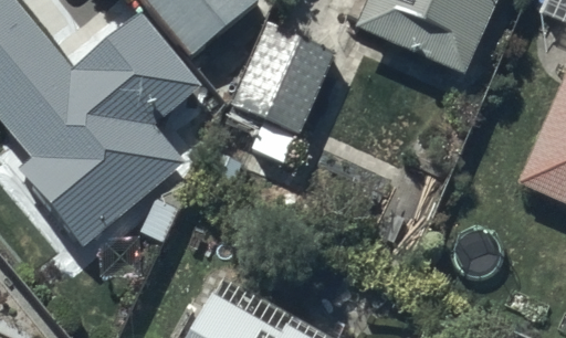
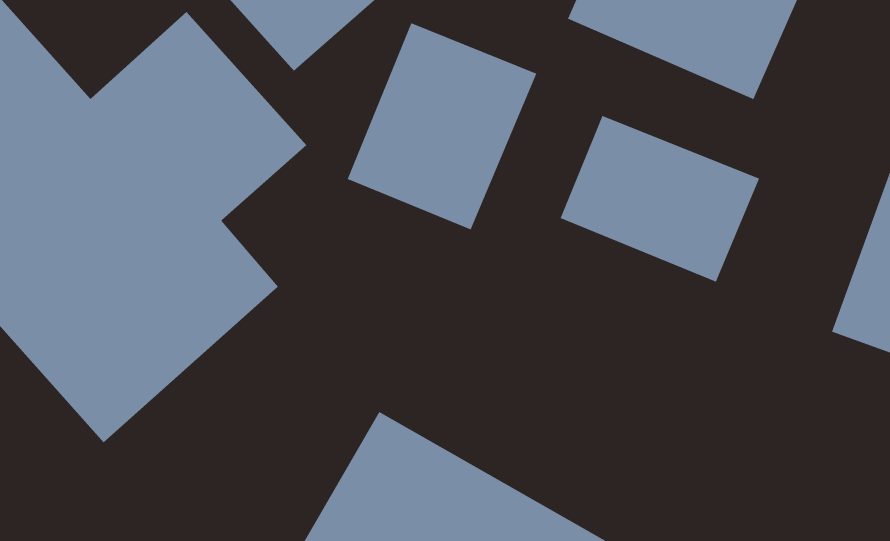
building: none -> [560,115,760,283]

